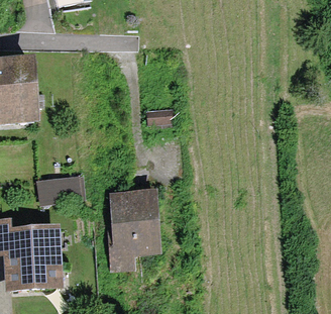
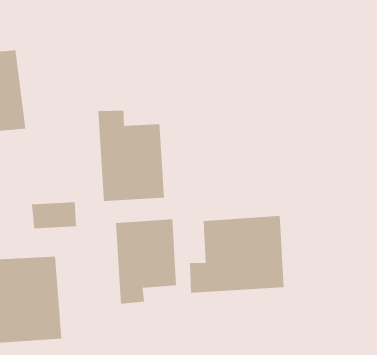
building: none -> [98,110,165,202]
building: none -> [190,215,284,293]

